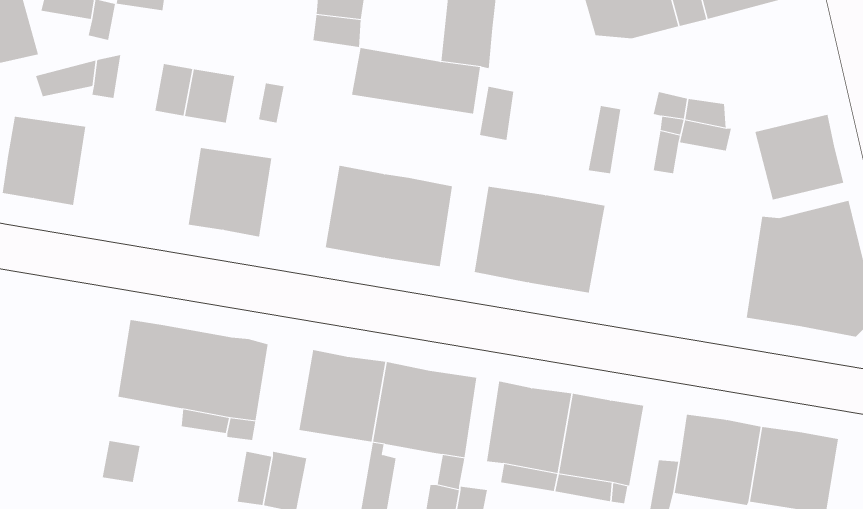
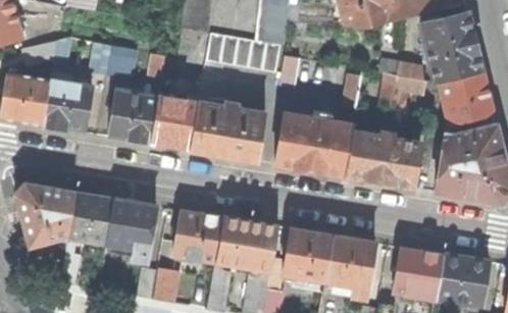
building: none -> [420,13,482,83]
building: none -> [44,80,94,133]
building: none -> [152,96,198,150]
building: none -> [344,132,420,188]
building: none -> [16,182,77,247]

